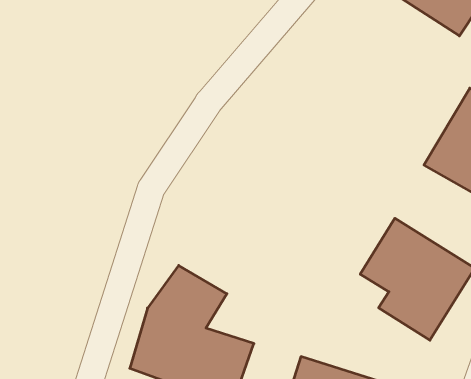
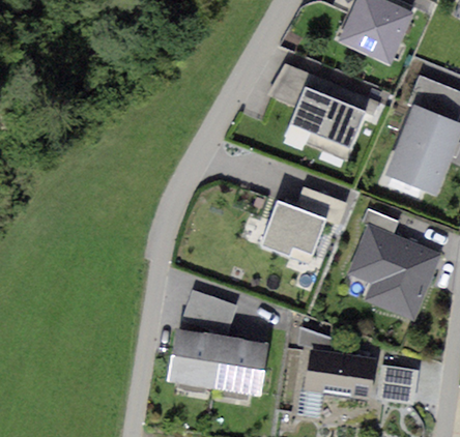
building: none -> [289,85,365,150]
building: none -> [260,201,322,263]

